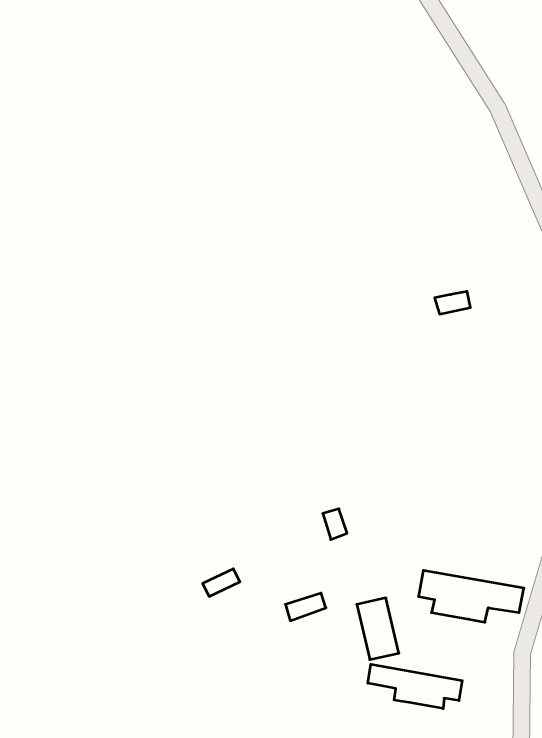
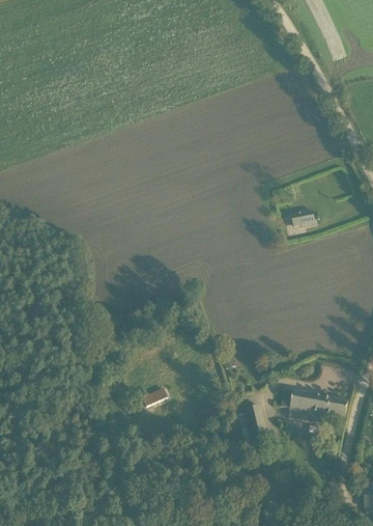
building: [368,664,462,709] -> none

